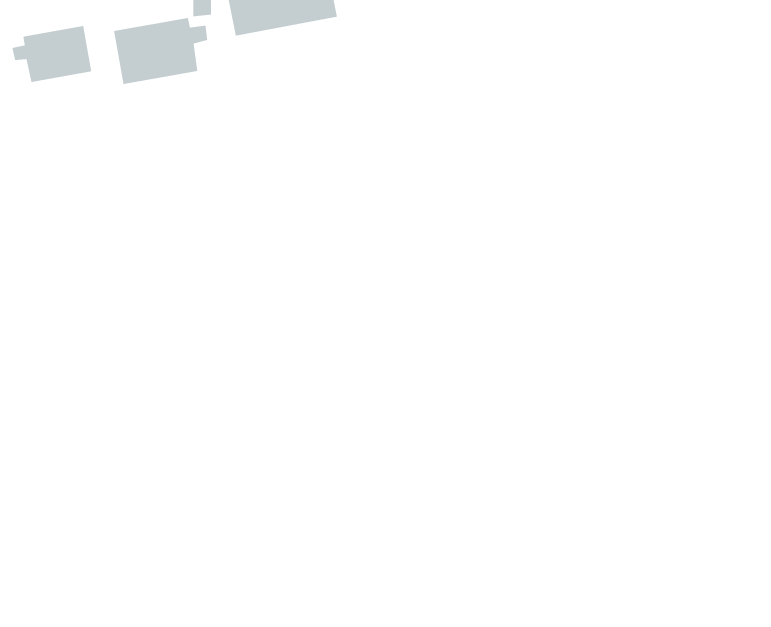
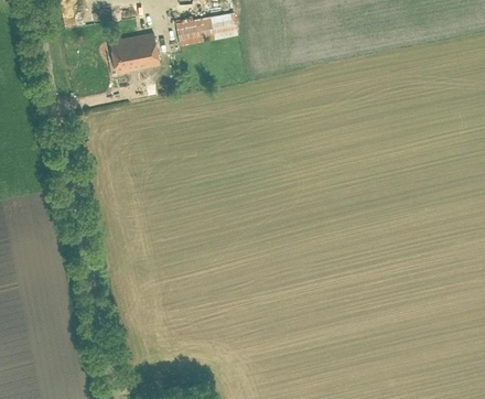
building: [12,25,92,83] -> none

